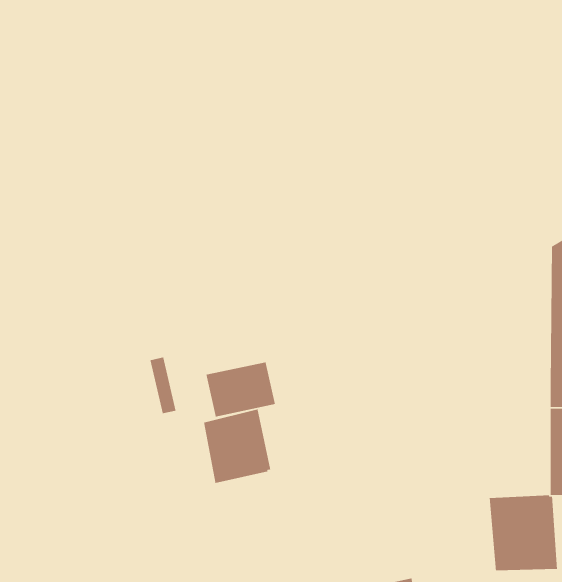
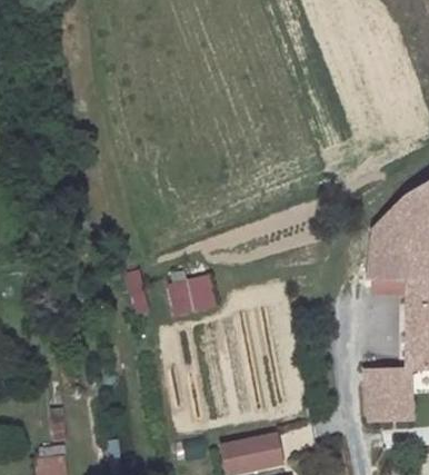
building: none -> [368,195,408,291]
building: [203,408,271,484] -> none

